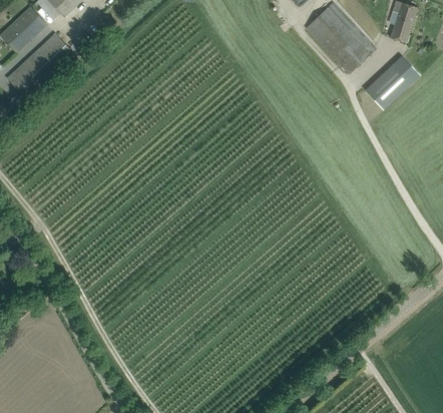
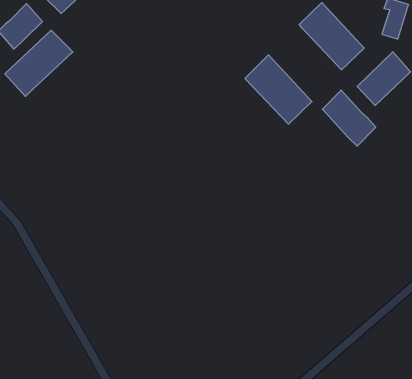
building: none -> [245,55,312,124]
building: none -> [322,90,376,146]

